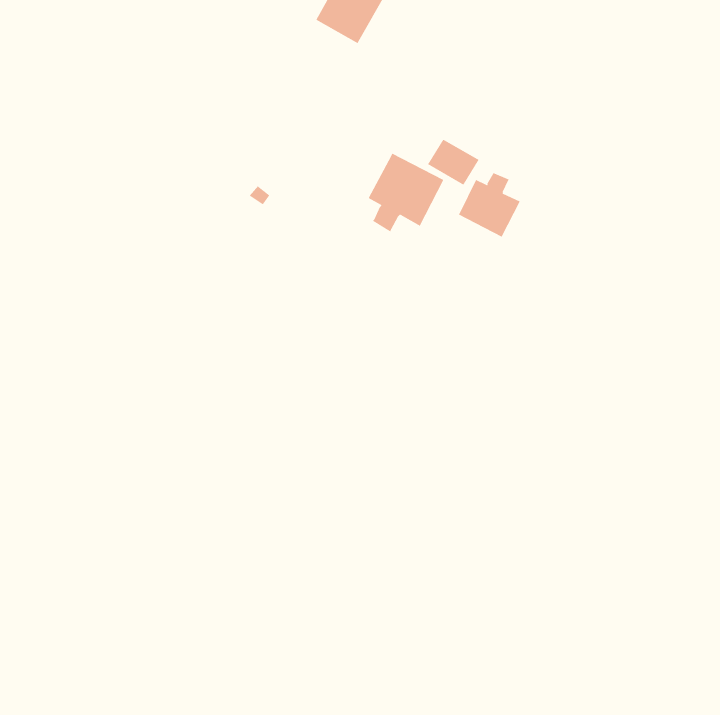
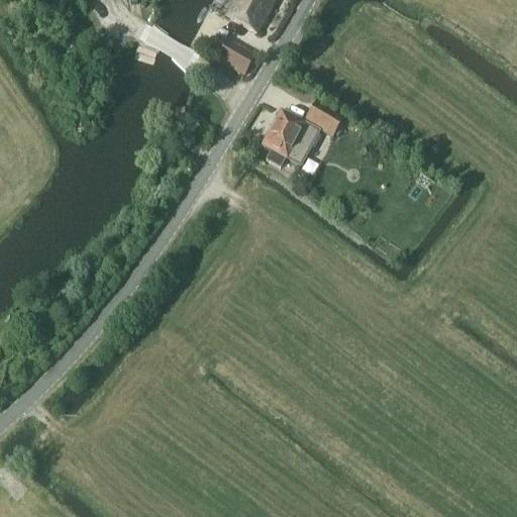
building: none -> [212,35,254,73]
building: [458,172,521,237] -> none

